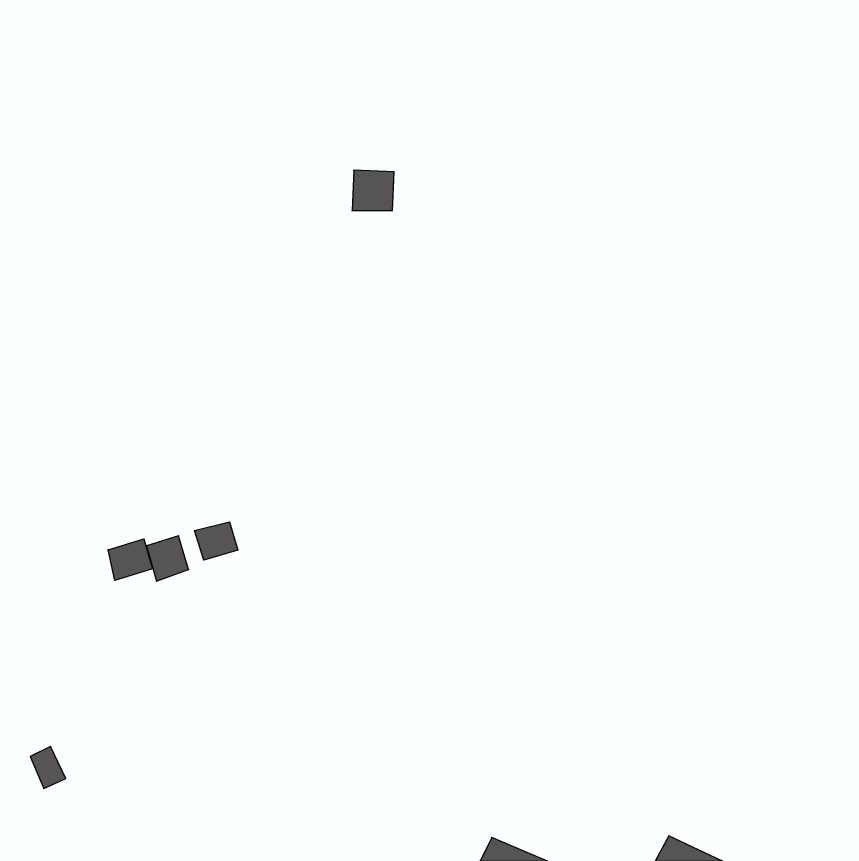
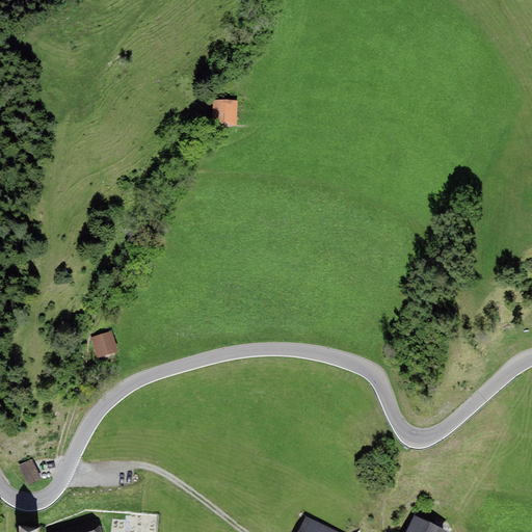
building: [194,522,238,560] -> none
building: [108,539,152,580] -> none

